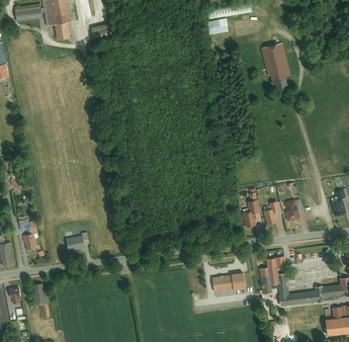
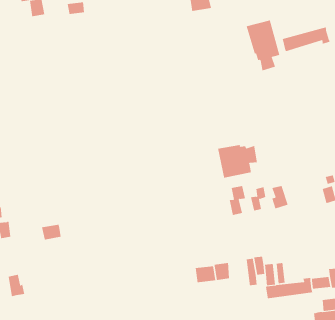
building: none -> [282,26,330,52]
building: none -> [218,144,258,179]

